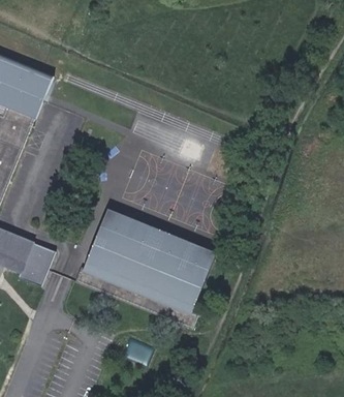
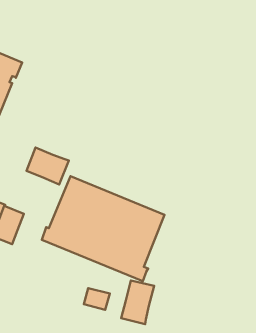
building: none -> [26,148,69,184]
building: none -> [121,280,154,324]

